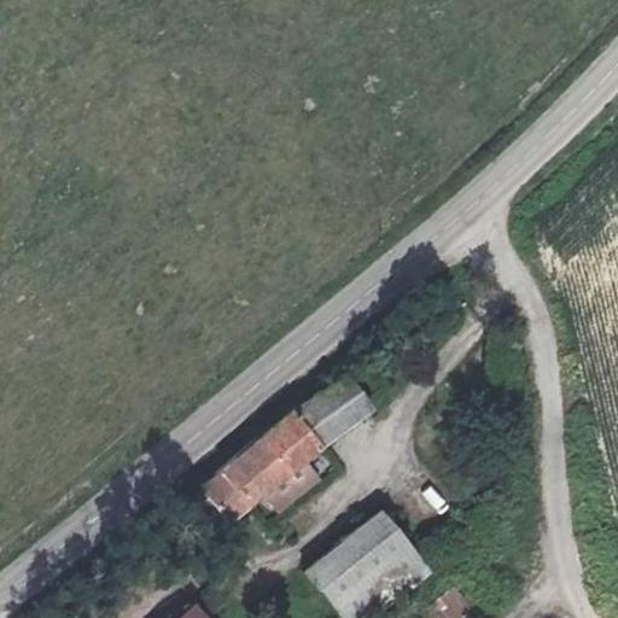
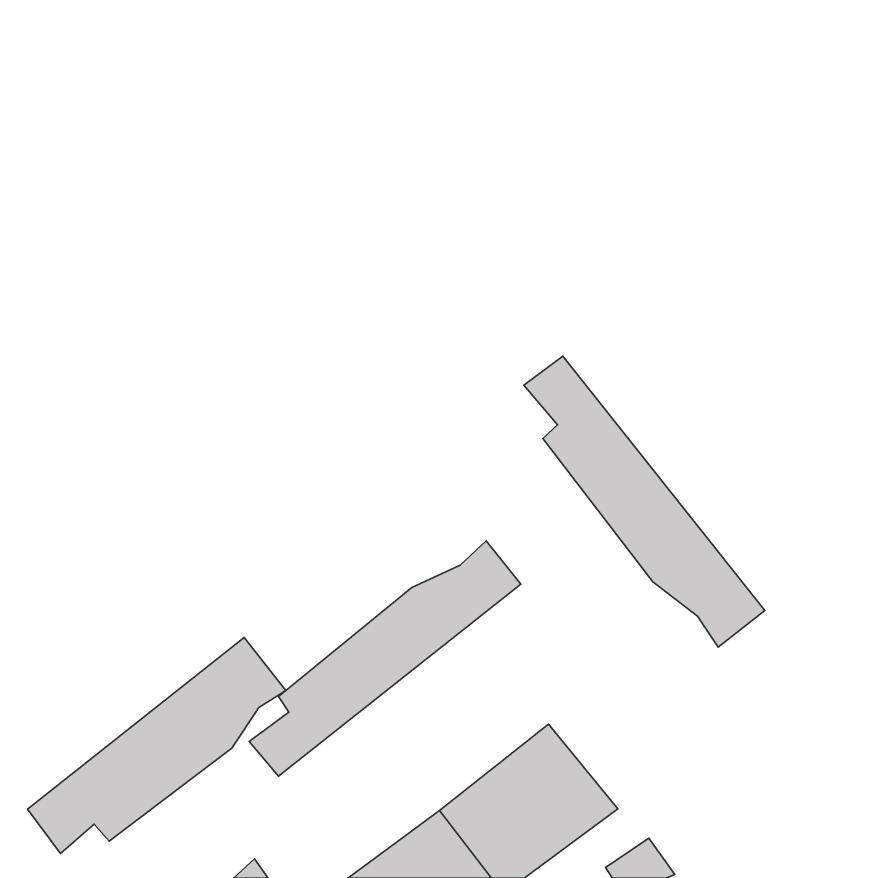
building: none -> [524,356,765,647]
building: none -> [27,638,286,853]

